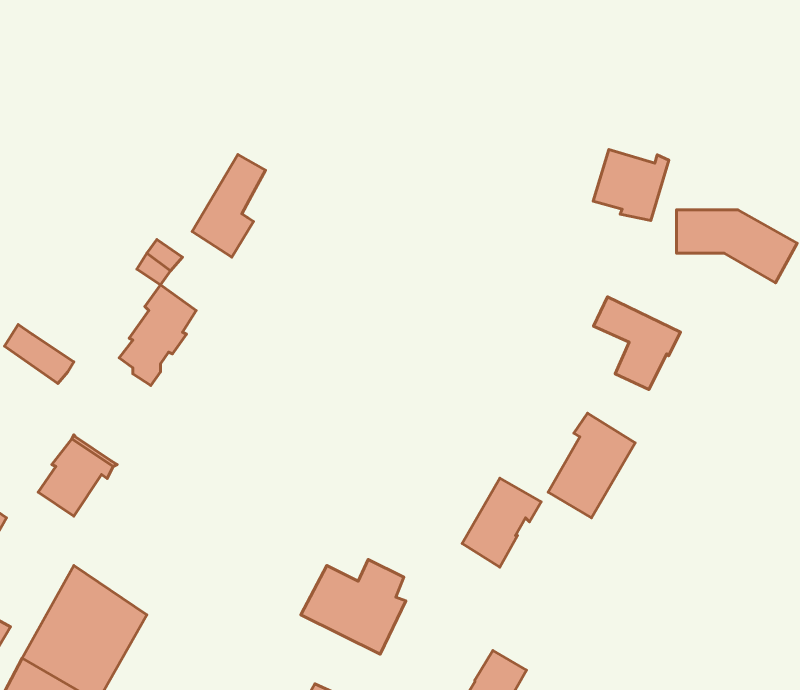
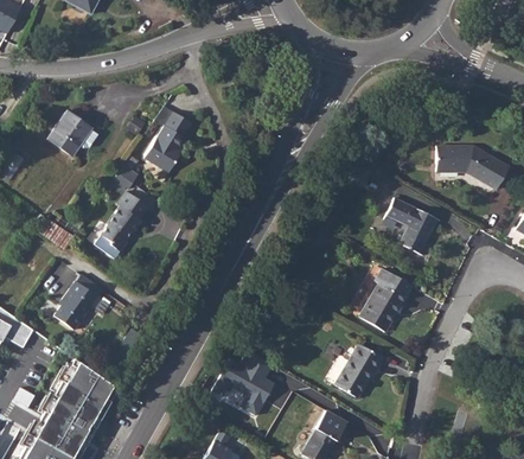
building: [593,150,669,221] -> none
building: none -> [49,113,97,157]
building: [462,478,541,567] -> [336,344,383,397]

